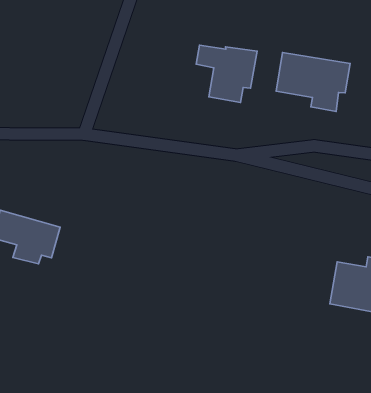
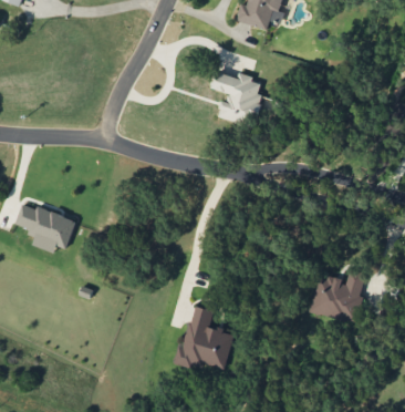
building: [276,53,350,112] -> none
building: none -> [177,305,233,370]

